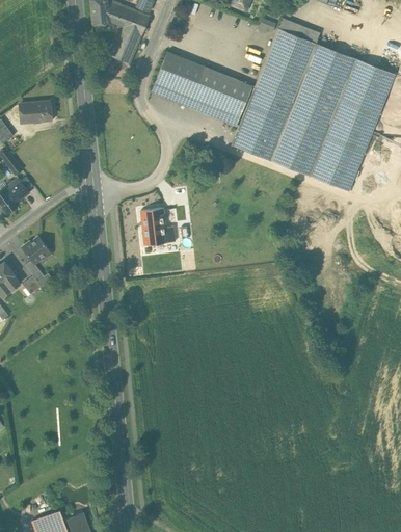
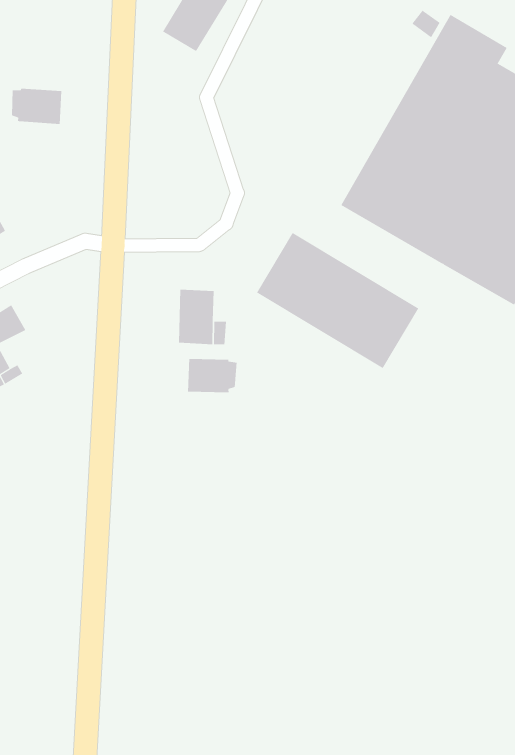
building: [151,50,252,126] -> [256,232,419,369]
building: none -> [188,358,237,393]

